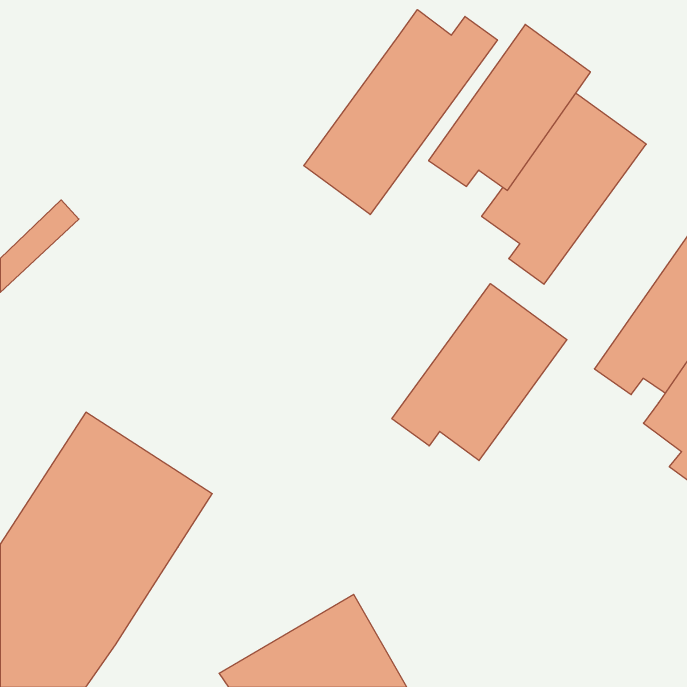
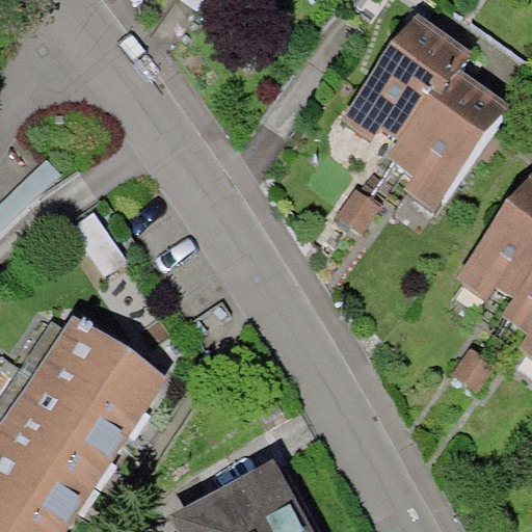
building: [304,10,497,215] -> none
building: [392,284,567,461] -> none

